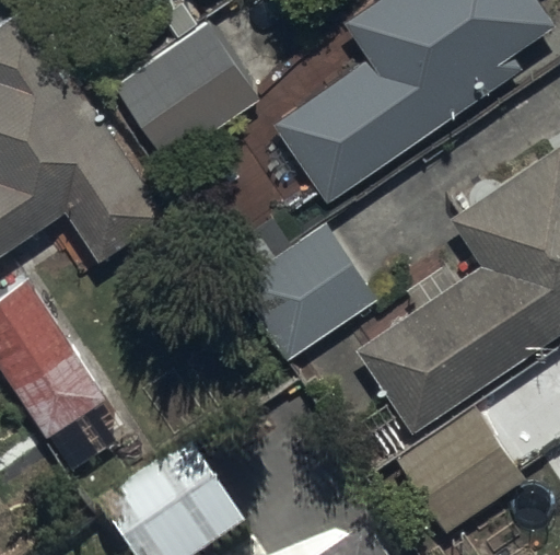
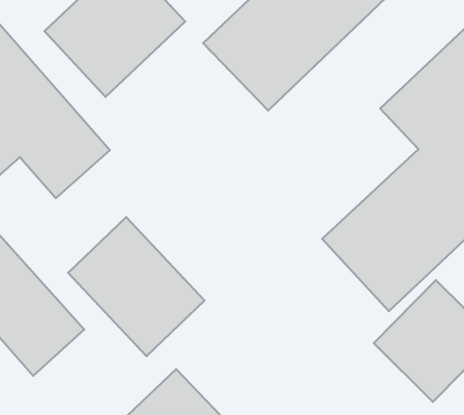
building: [230,222,377,366] -> none
building: none -> [68,217,205,356]

